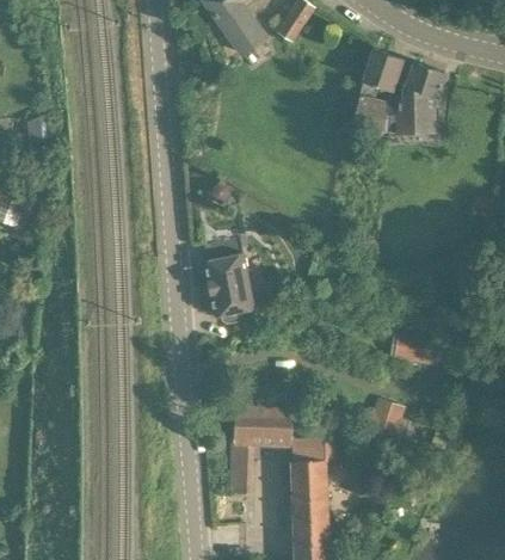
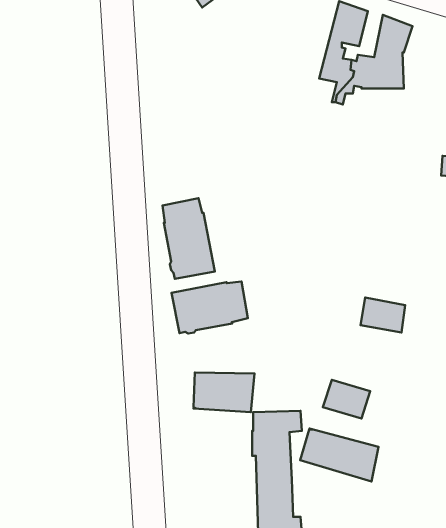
building: none -> [171,281,248,333]
building: [229,444,252,496] -> none
building: none -> [300,429,378,482]

